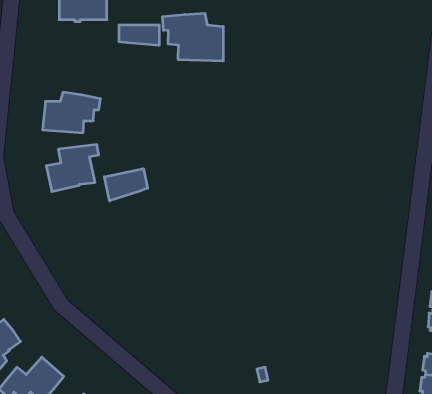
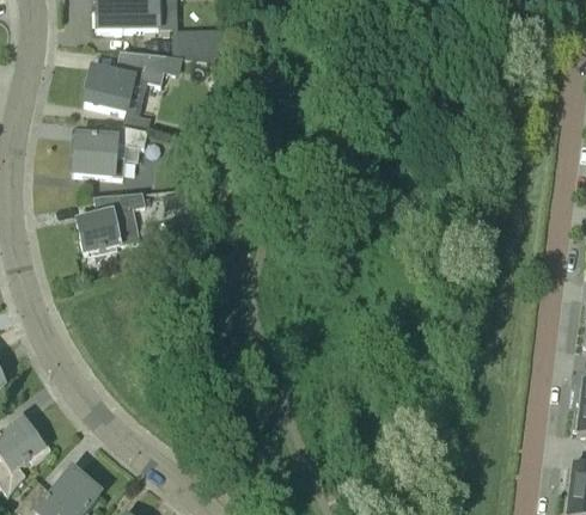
building: [163,13,223,61] -> none
building: none -> [86,50,184,110]
building: [104,169,148,201] -> none

